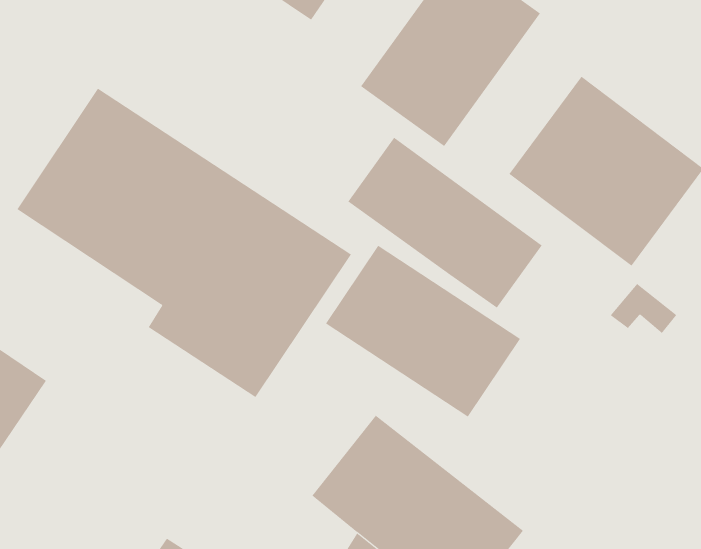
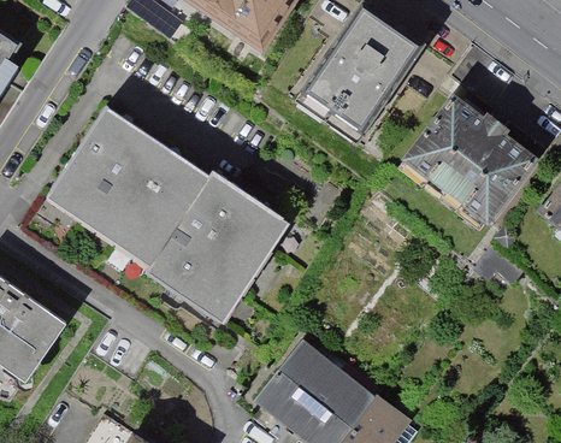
building: [347,137,543,308] -> none
building: [325,245,521,418] -> none

